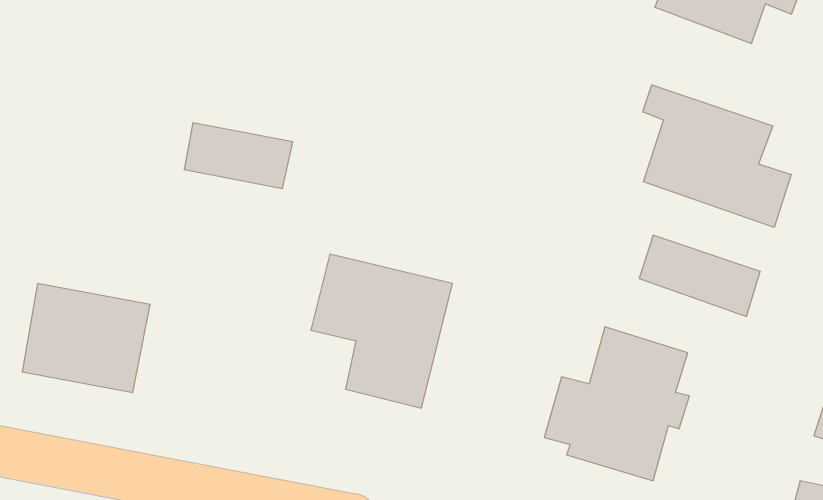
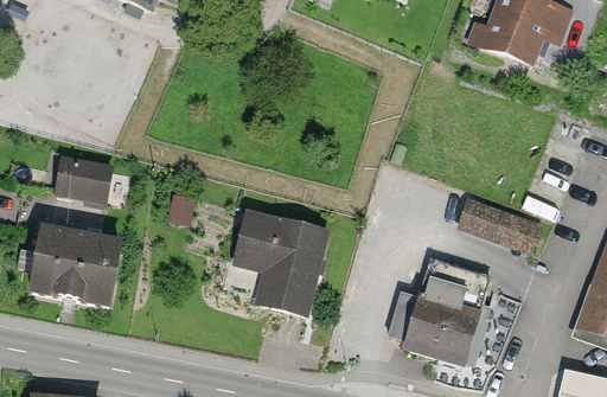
building: [643,85,791,227] -> none
building: [184,123,293,189] -> [58,159,133,204]

